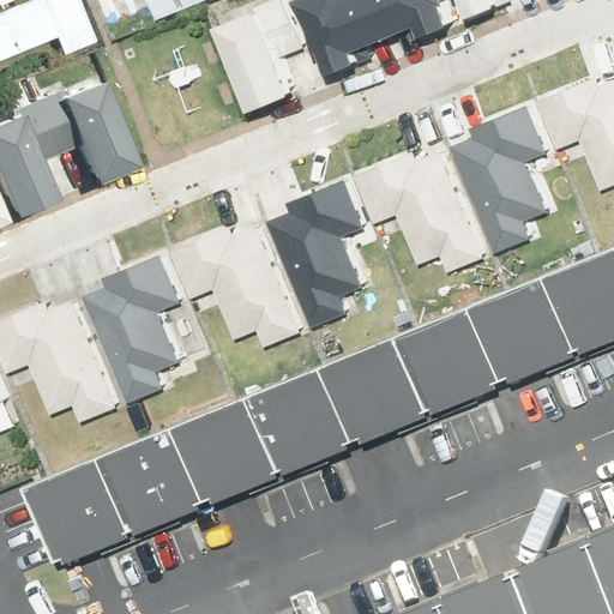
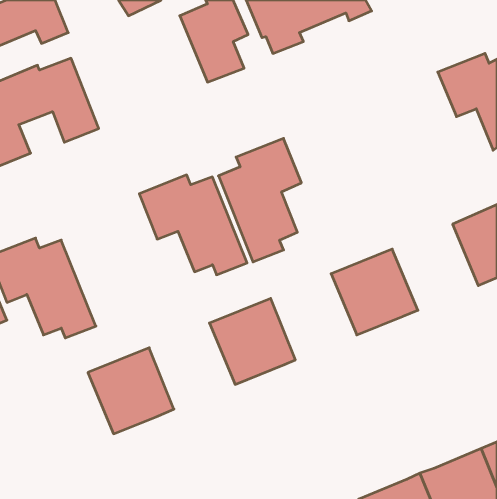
building: [450,101,550,252] -> none
building: [351,140,482,263] -> none
building: [82,248,182,398] -> none
building: [476,279,580,384] -> none
building: [329,339,433,444] -> none
building: [181,399,285,504] -> none
building: [32,459,138,565] -> none

